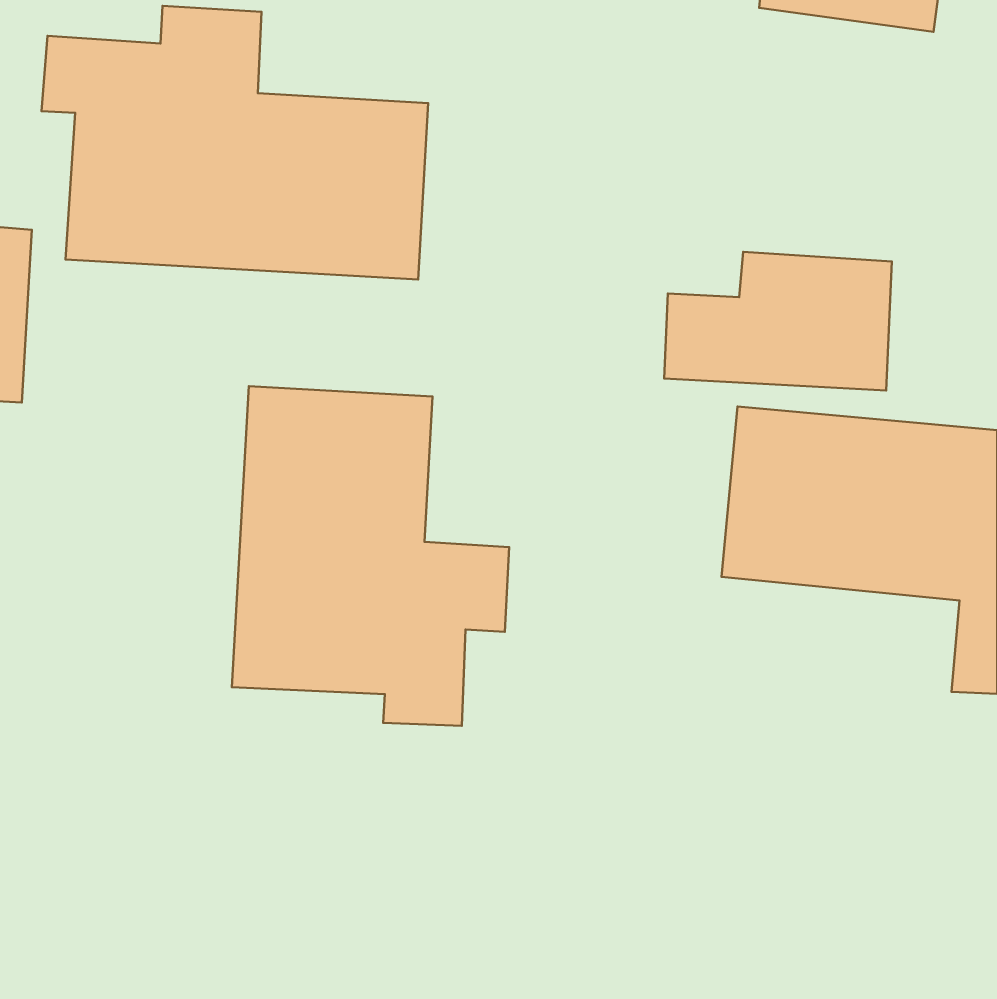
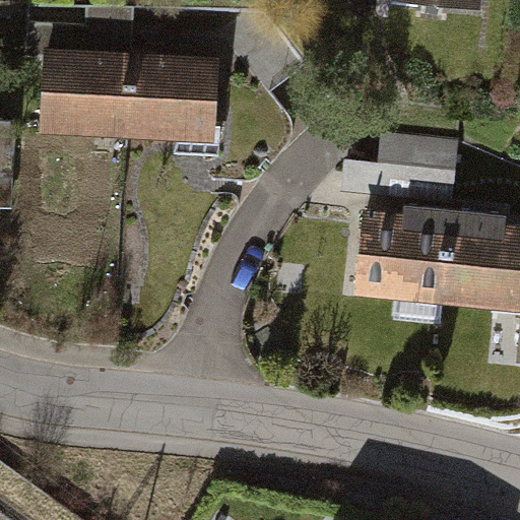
building: [232,386,509,726] -> none

